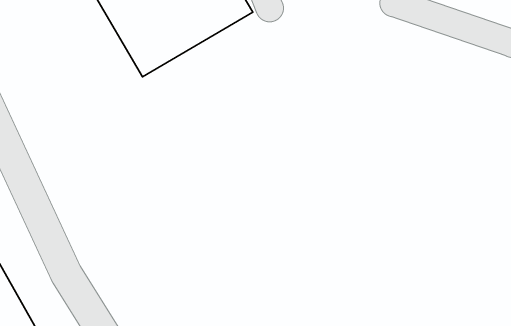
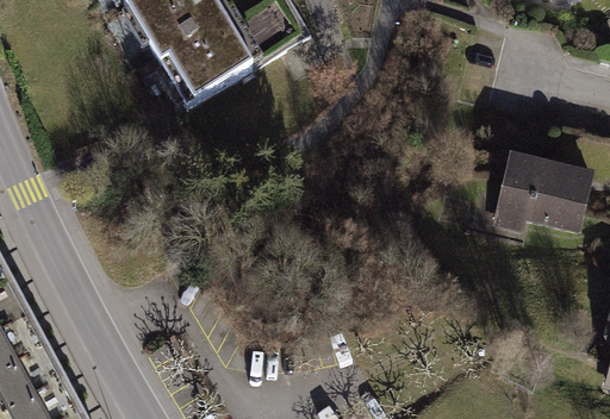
building: none -> [493,158,585,231]

